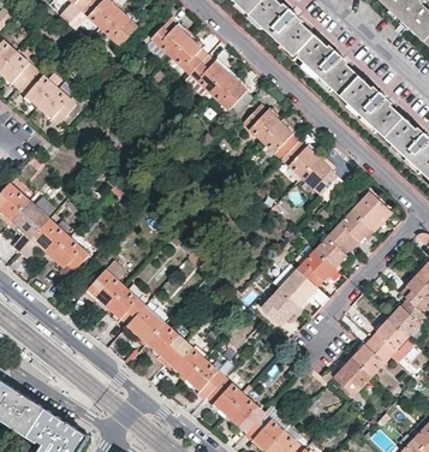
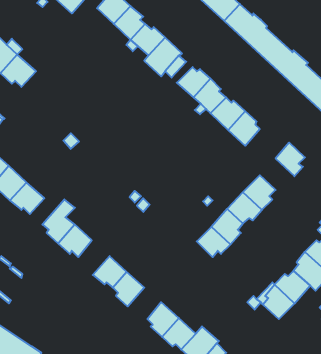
building: [334,210,374,246] -> none
building: [126,304,162,344] -> none
building: [183,358,221,394] -> none

